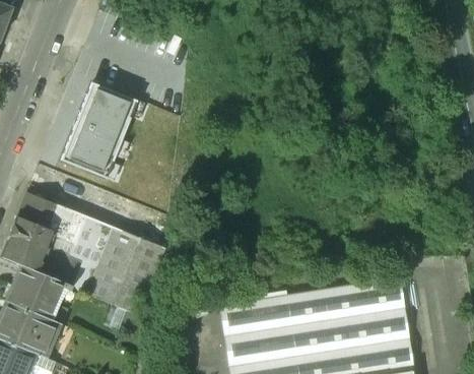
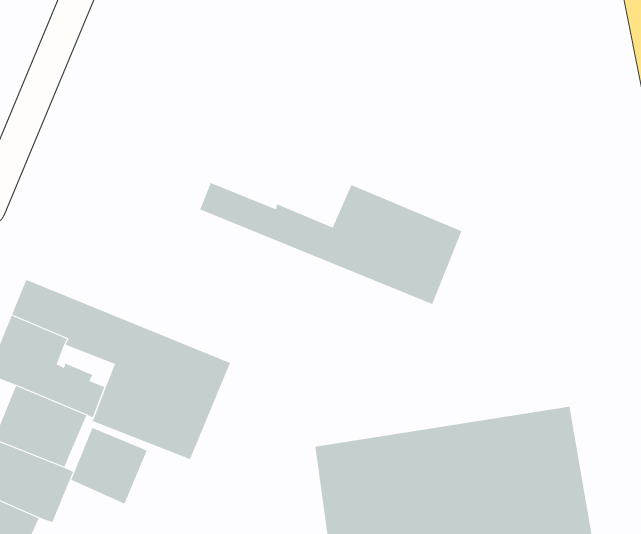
building: [62,83,138,179] -> none
building: none -> [200,182,462,305]
building: none -> [71,427,148,504]

